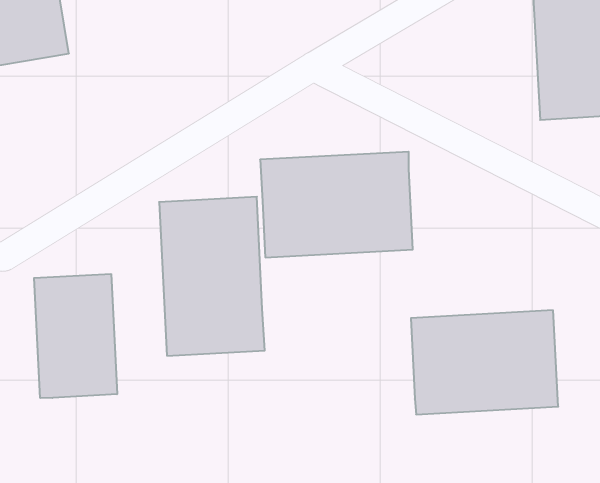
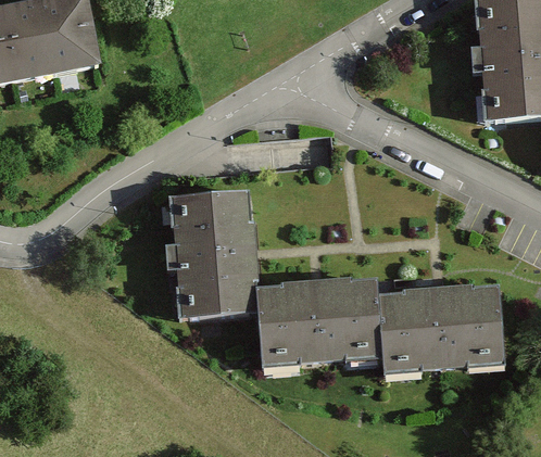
building: [260,152,413,257] -> [256,276,383,364]
building: [34,274,117,398] -> none

